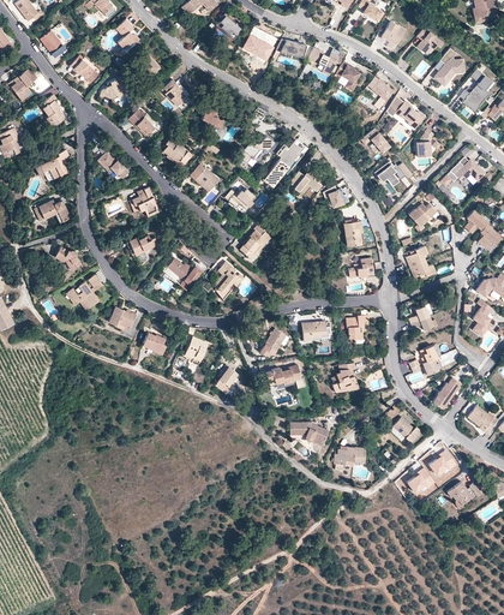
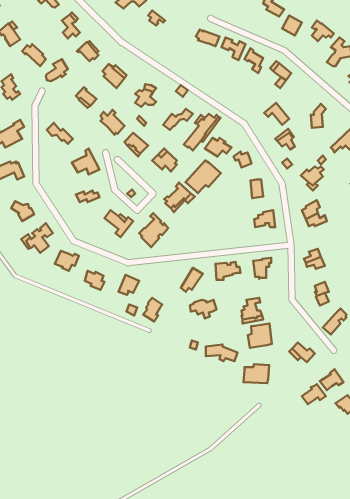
building: [242,28,276,61] -> none
building: [386,97,426,129] -> none
building: none -> [185,161,221,193]
building: none -> [248,323,272,348]

